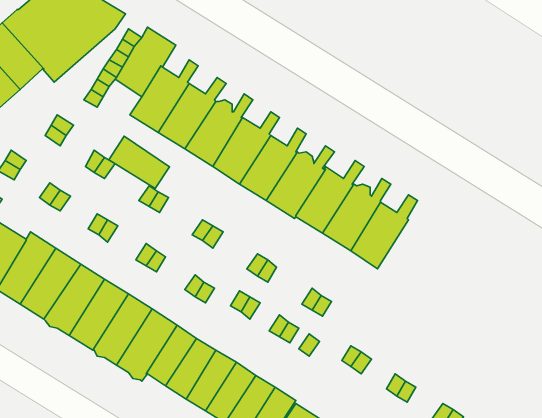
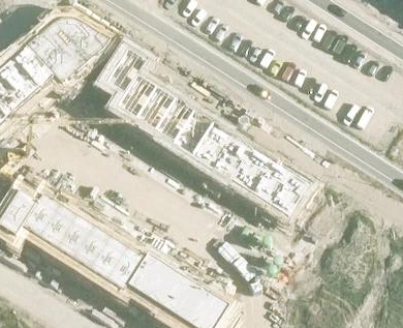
building: [109,136,169,188] -> none

